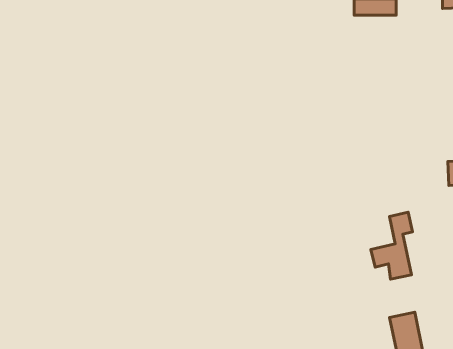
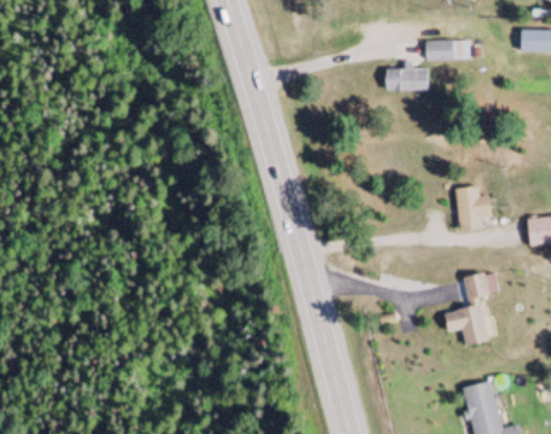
building: none -> [385,67,429,90]
building: none -> [455,187,491,231]

